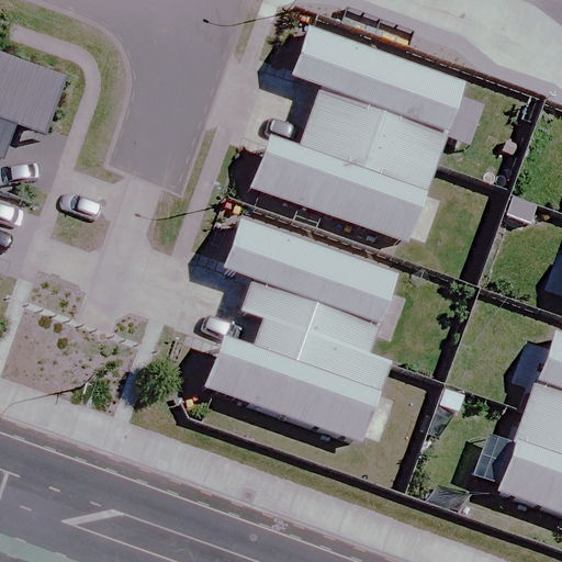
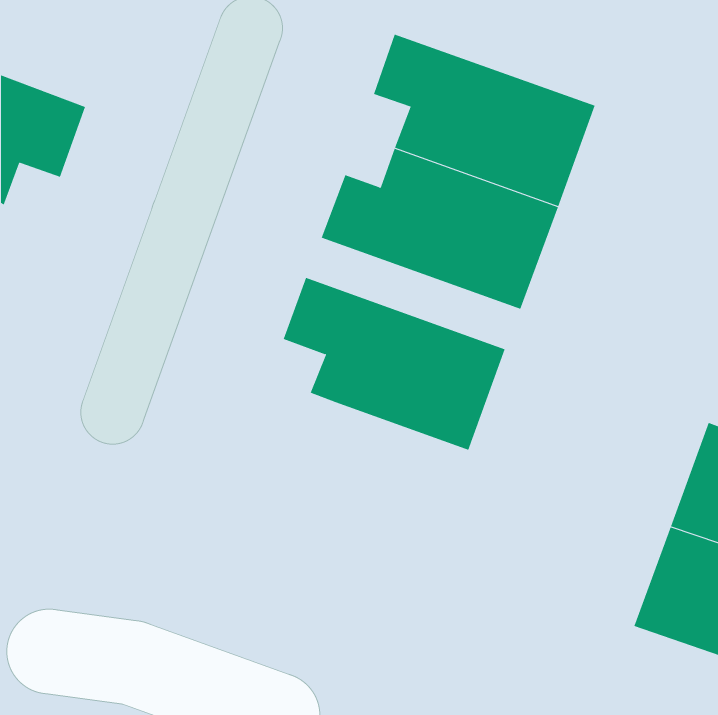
building: [206,314,389,440] -> none

